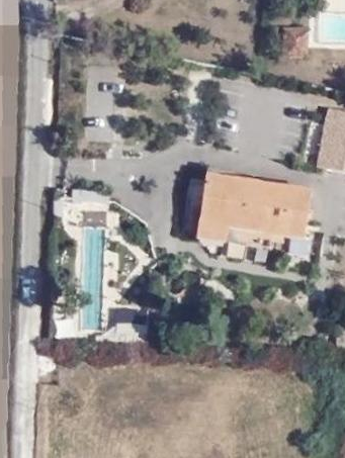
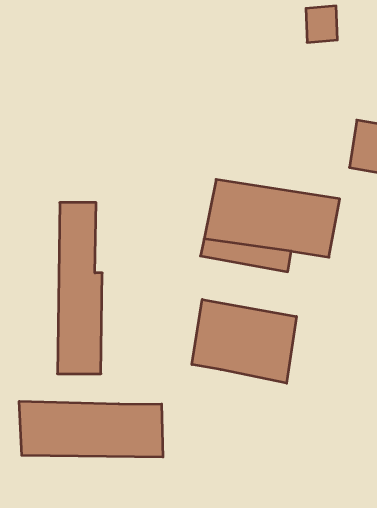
building: none -> [192,299,296,383]
building: none -> [19,401,163,457]

